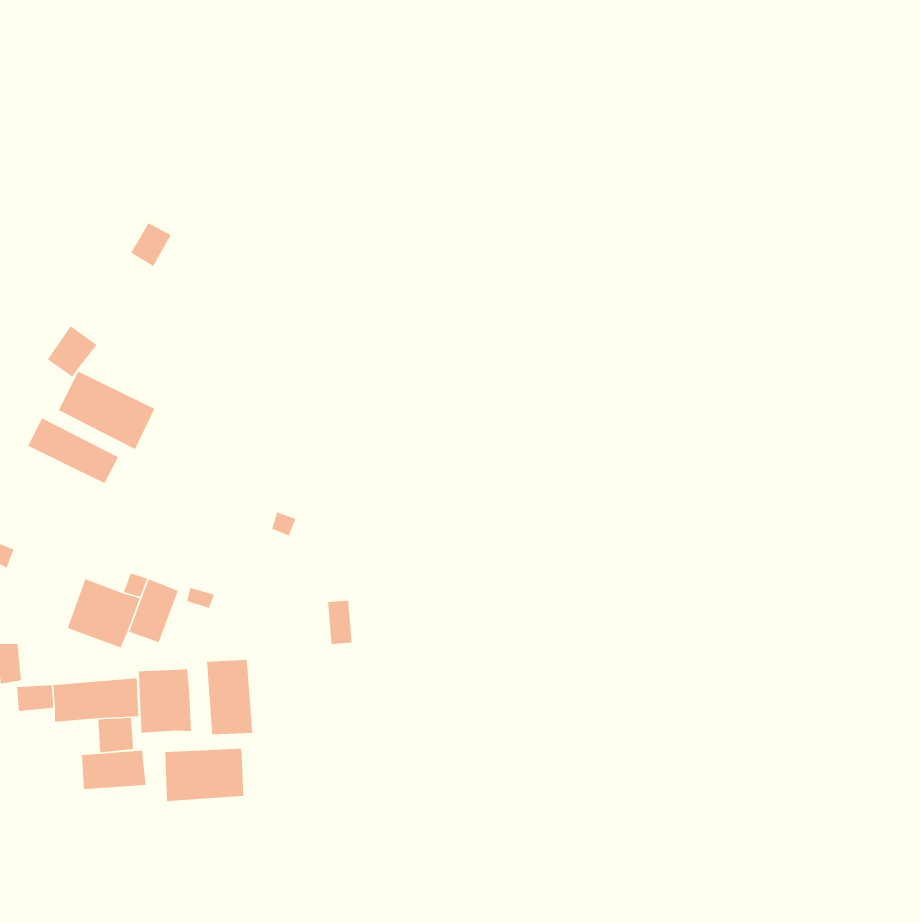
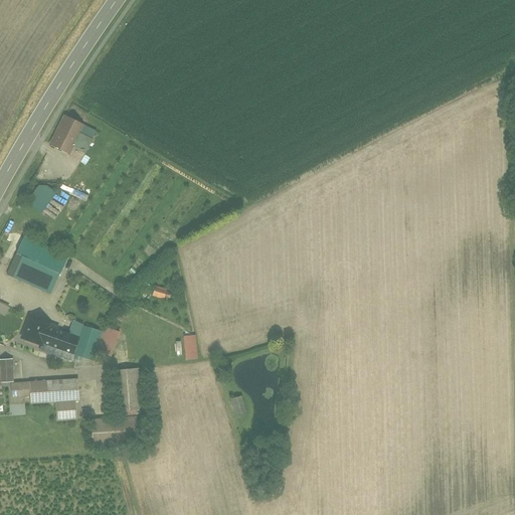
building: none -> [48,112,83,151]
building: [58,371,155,450] -> [4,248,58,293]
building: none -> [20,315,47,344]
building: [138,668,192,734] -> none
building: [81,750,146,790] -> none

